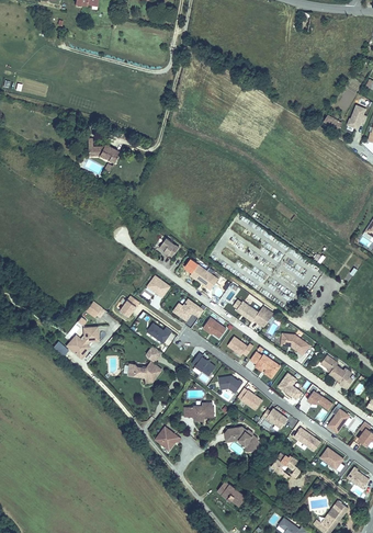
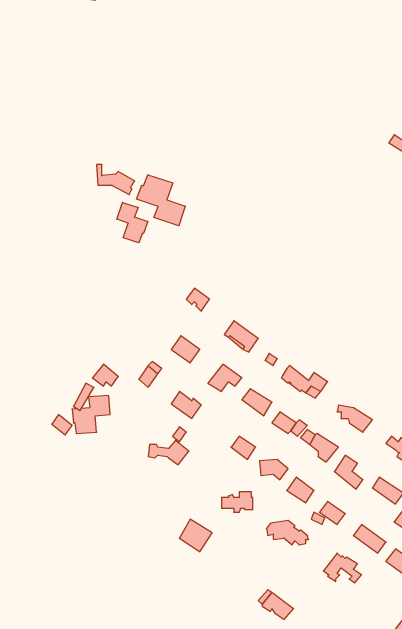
building: none -> [137,175,185,226]
building: none -> [117,202,148,243]

